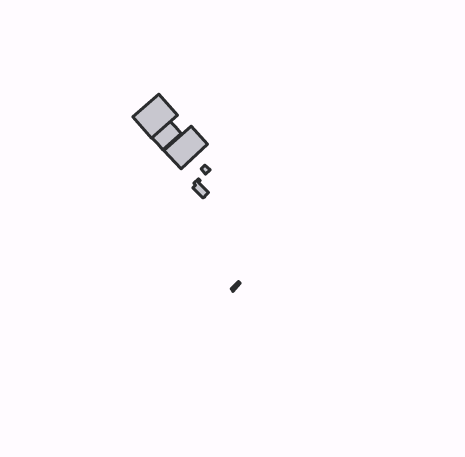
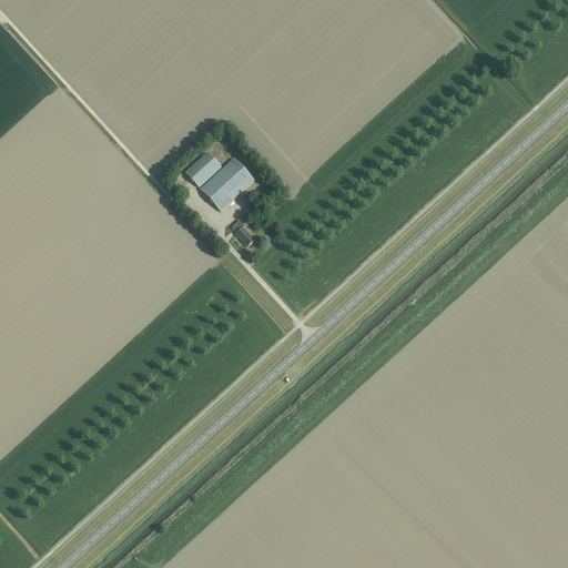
building: [133,94,177,138] -> none

